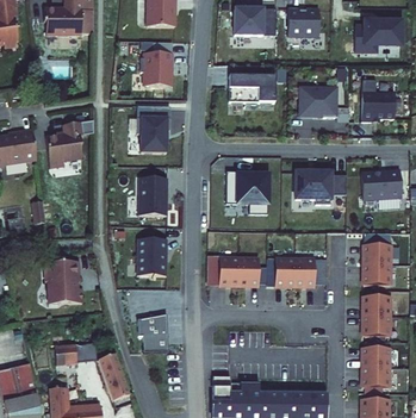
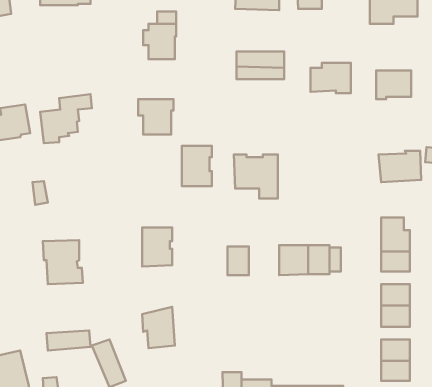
building: [297,174,348,206] -> none
building: [139,182,168,220] -> [182,146,212,186]
building: [241,261,261,289] -> none

